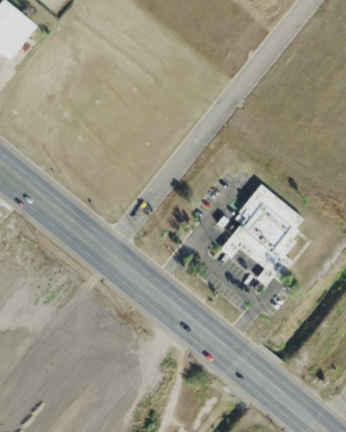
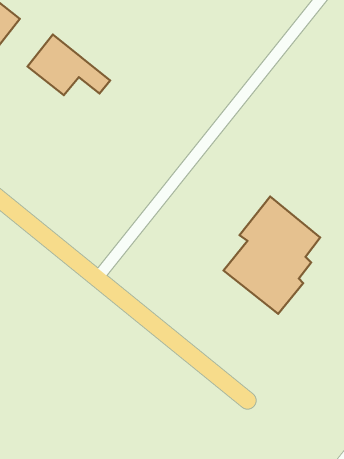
building: none -> [27,34,110,95]

